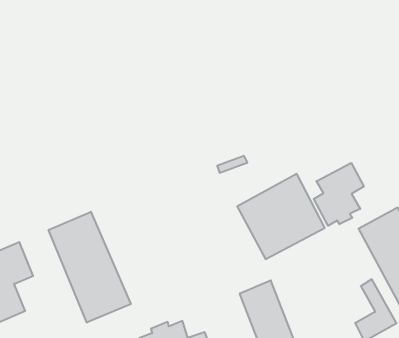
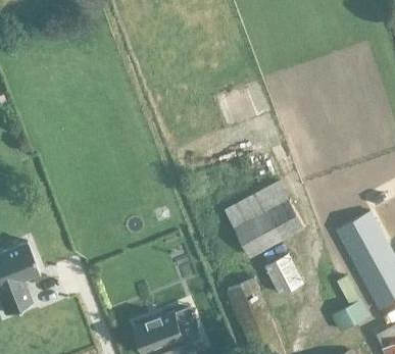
building: [314,163,364,226] -> none
building: [49,212,131,323] -> none
building: none -> [264,253,304,295]

